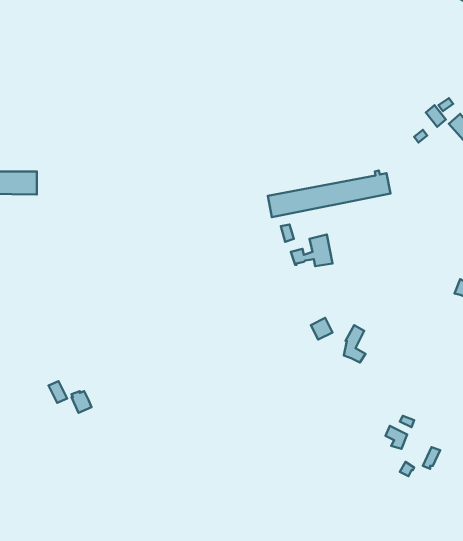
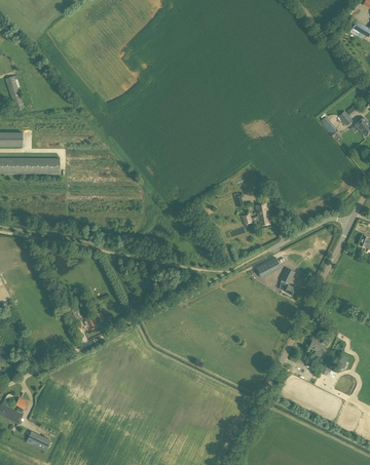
building: [268,171,390,217] -> none

